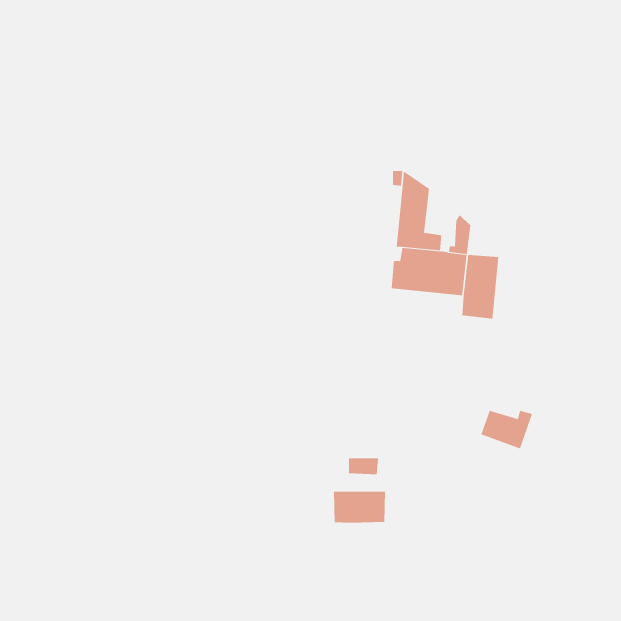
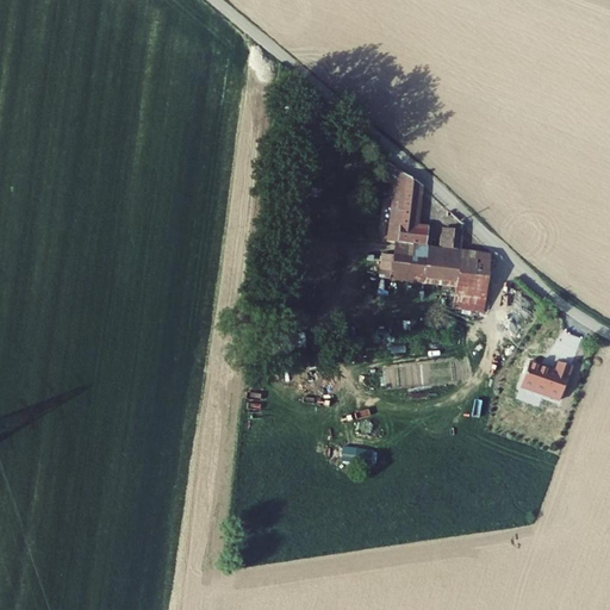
building: [480,410,533,449] -> [518,362,569,400]
building: [334,491,385,523] -> none

